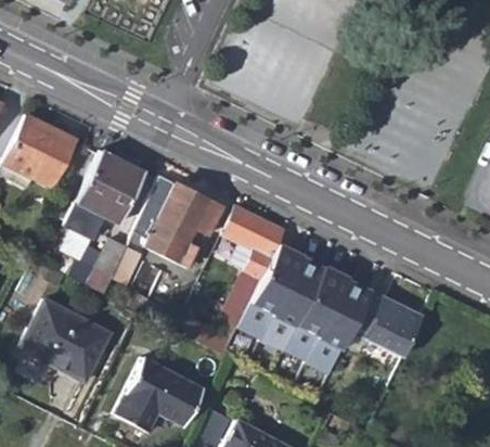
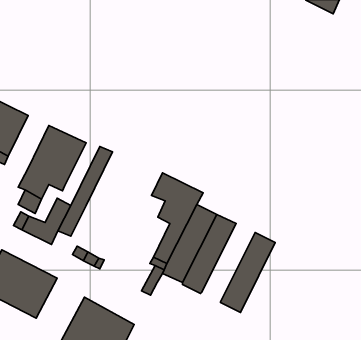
building: [146,182,225,267] -> none
building: [284,268,348,361] -> none
building: [352,291,425,356] -> none

